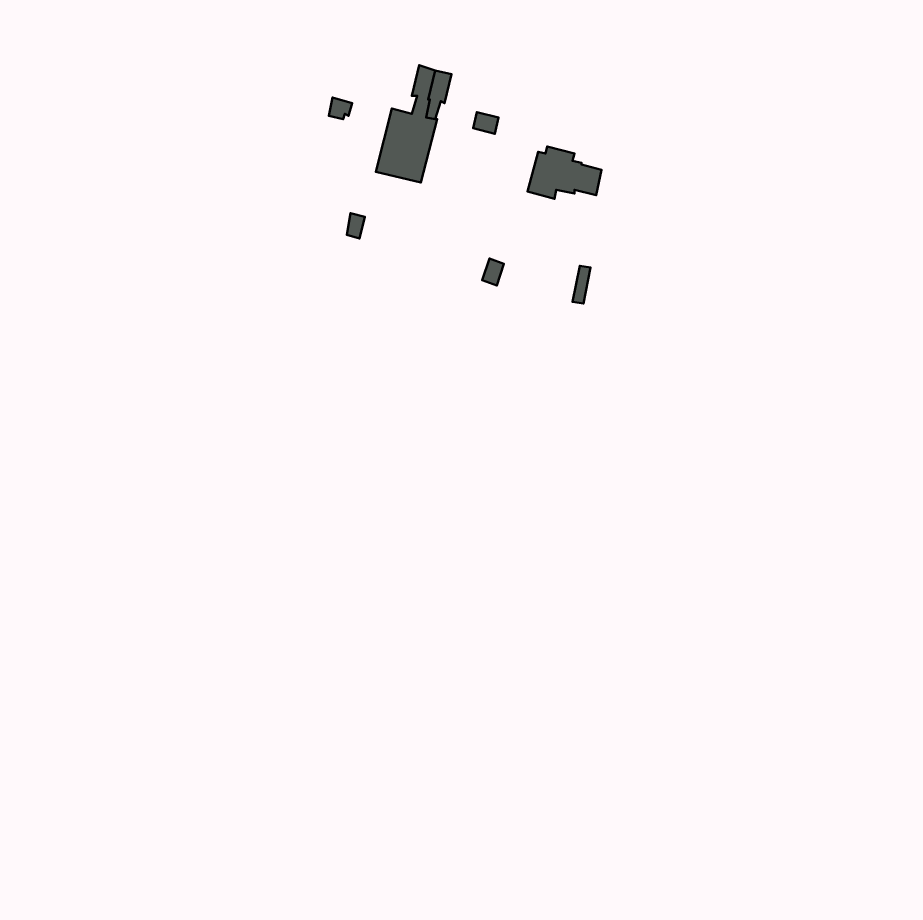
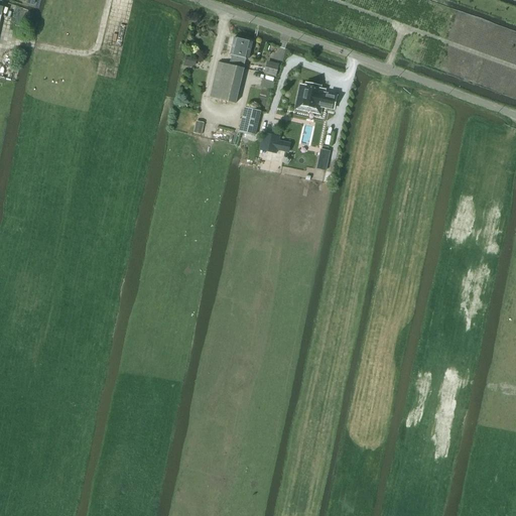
building: none -> [239,106,260,134]

